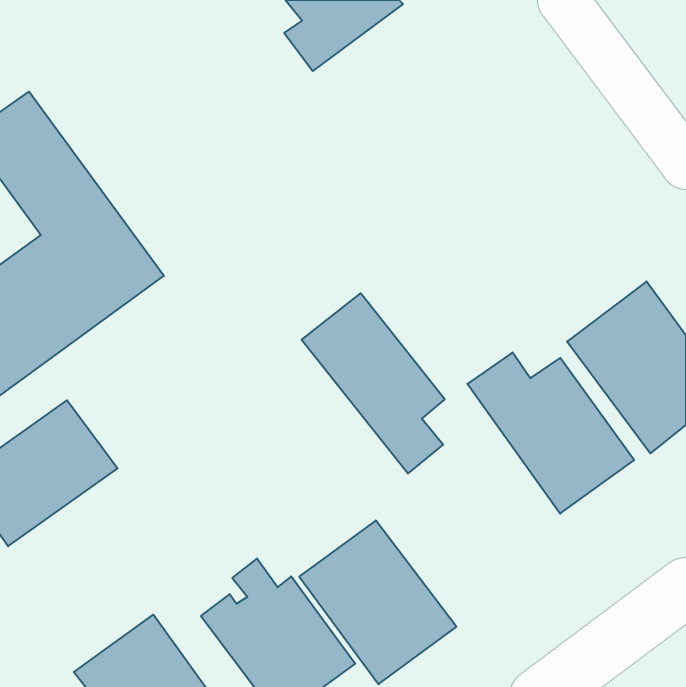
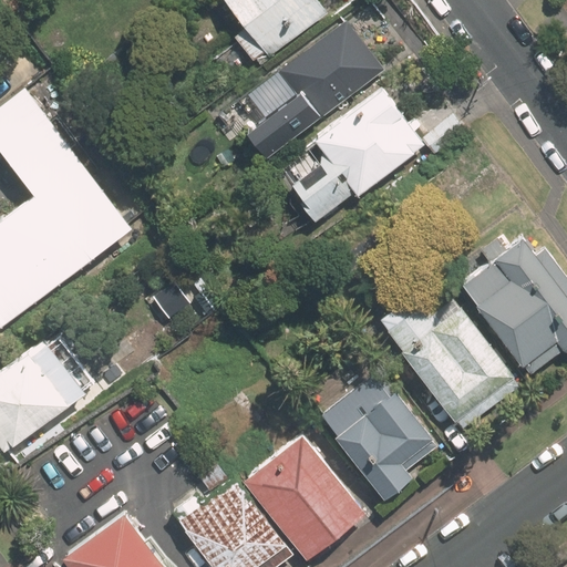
building: none -> [250,24,381,156]
building: none -> [281,92,464,221]
building: [302,293,445,474] -> none
building: none -> [315,370,429,502]

